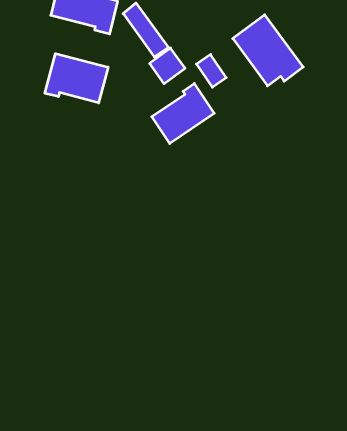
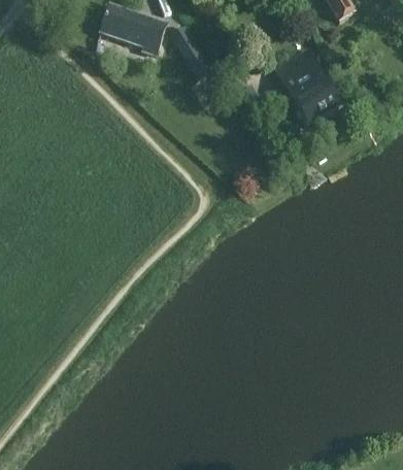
building: [45,54,108,103] -> none
building: [152,83,214,144] -> none

